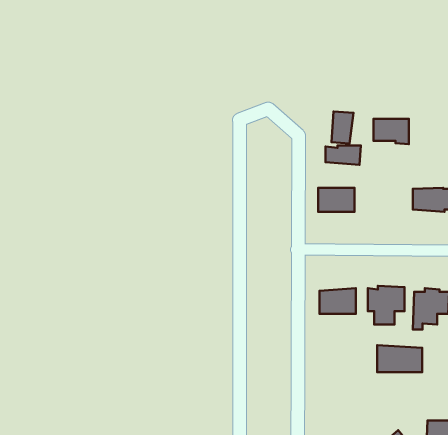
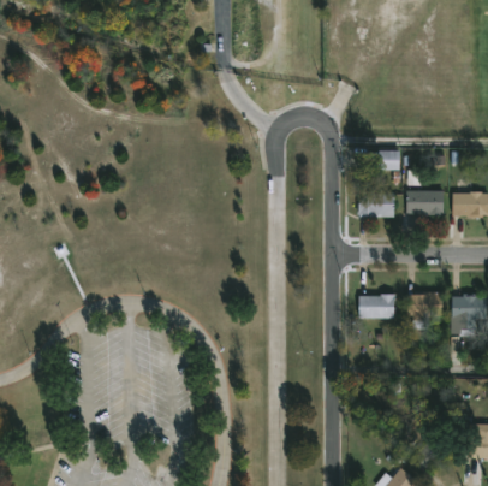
building: [332,112,353,143] -> none
building: [374,119,409,144] -> [407,191,442,217]
building: [377,345,422,372] -> none

